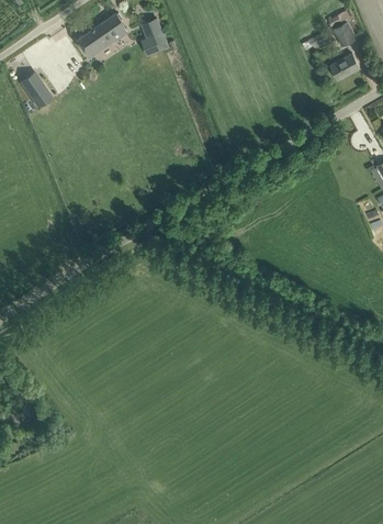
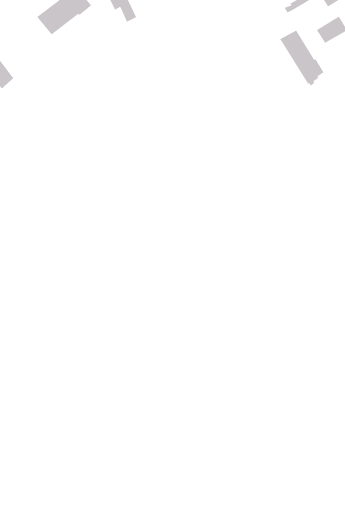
building: none -> [279,29,324,86]

